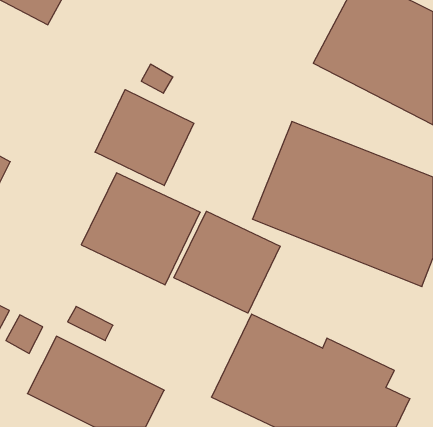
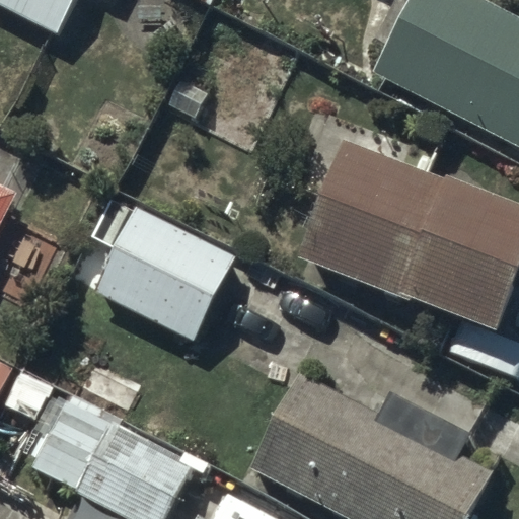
building: [95,90,194,186] -> none
building: [174,211,280,313] -> none

